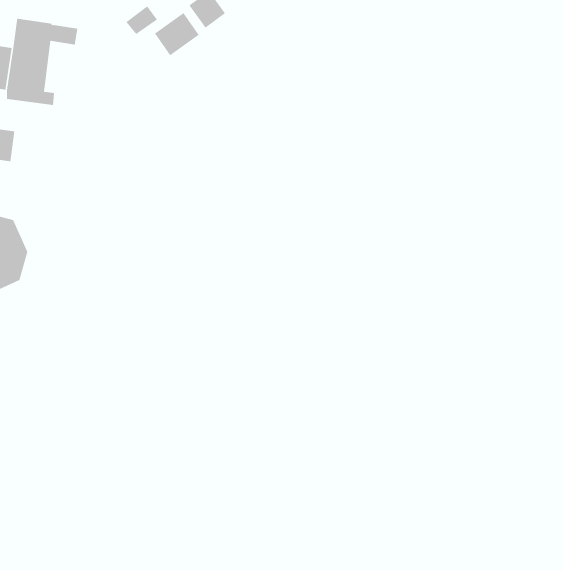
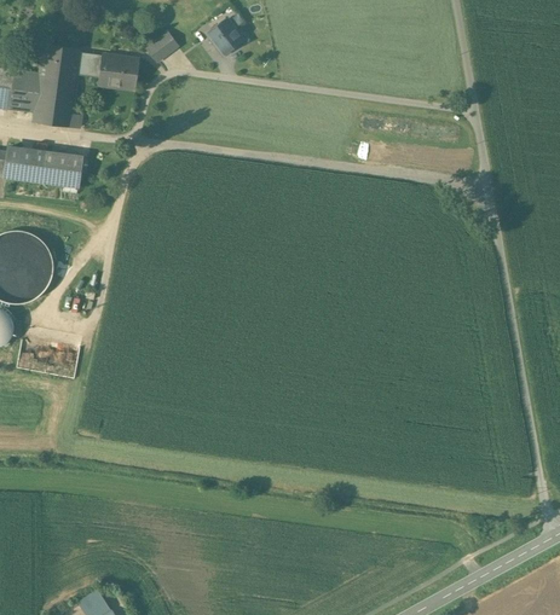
building: [154,12,199,56] -> none
building: none -> [97,53,137,89]
building: none -> [37,151,80,186]

